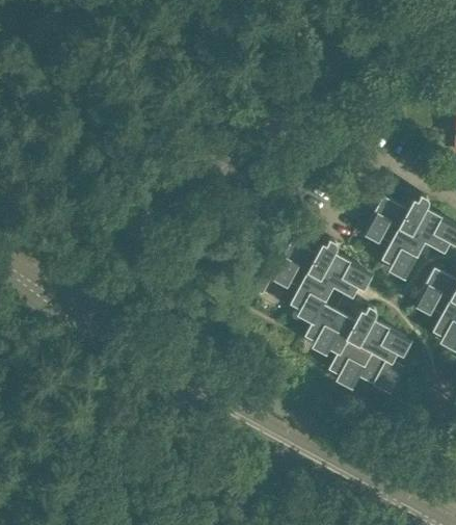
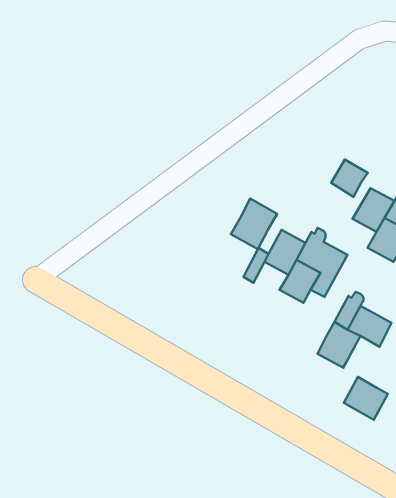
building: none -> [331,160,368,197]
building: none -> [231,199,277,249]
building: [305,305,356,355] -> none
building: [360,352,406,397] -> [344,377,388,420]

